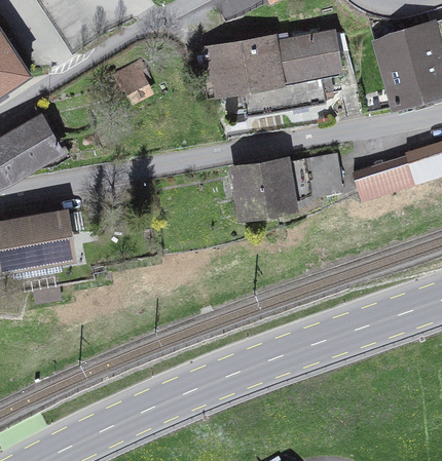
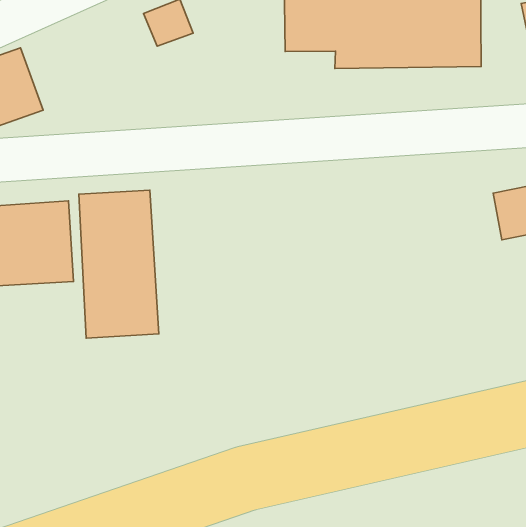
building: [238,152,348,214] -> none
building: none -> [79,190,159,338]

